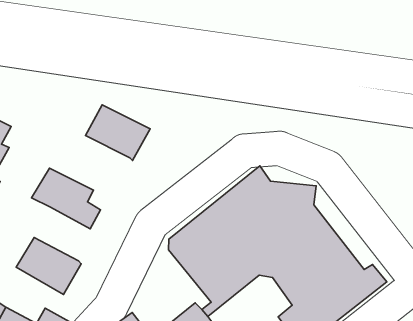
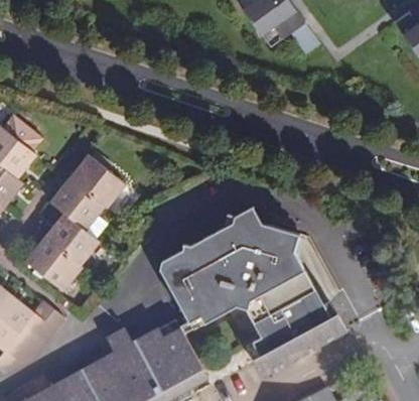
building: [86,105,150,161] -> [67,154,125,208]
building: none -> [43,213,98,264]

